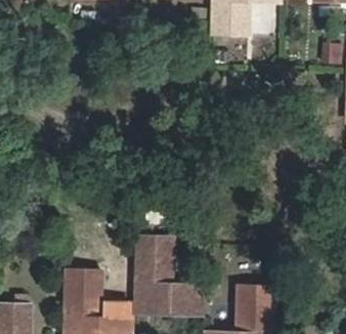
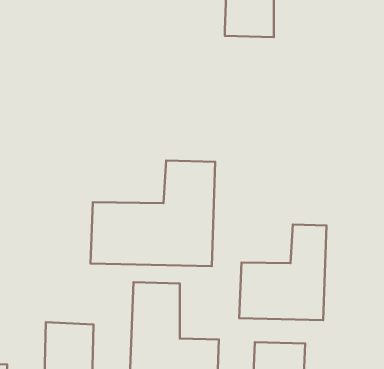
building: none -> [90,160,215,266]
building: none -> [239,224,326,320]

